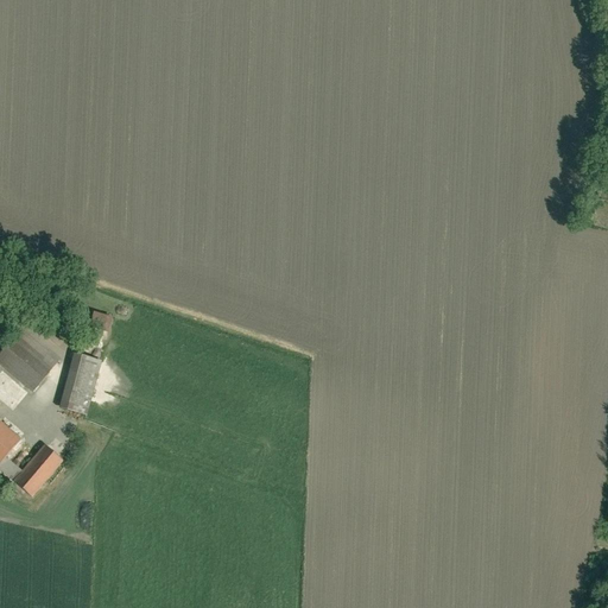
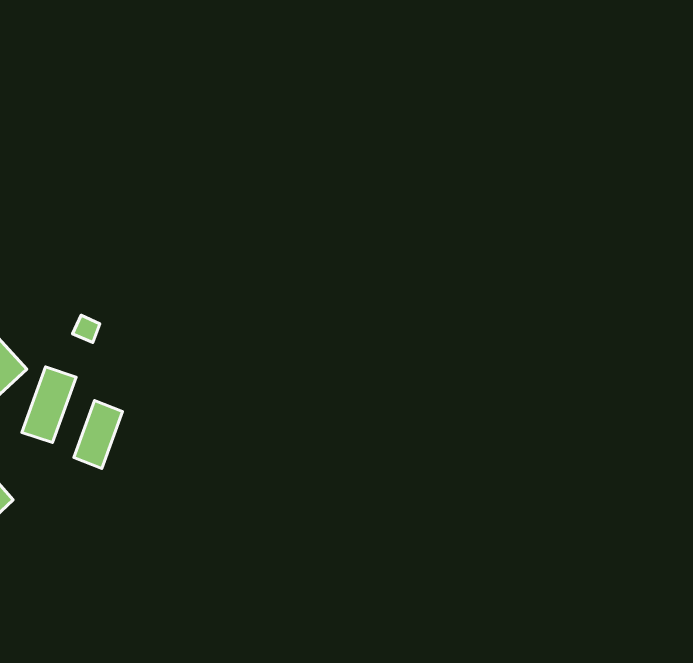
building: none -> [74,400,122,468]

